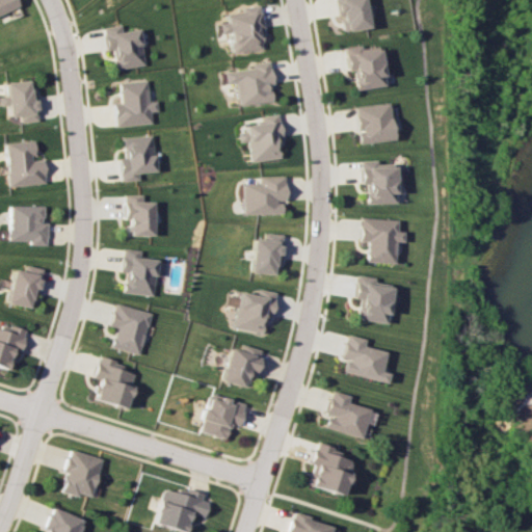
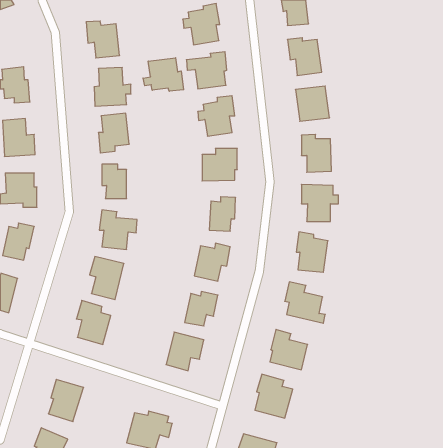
building: none -> [143,58,184,91]

